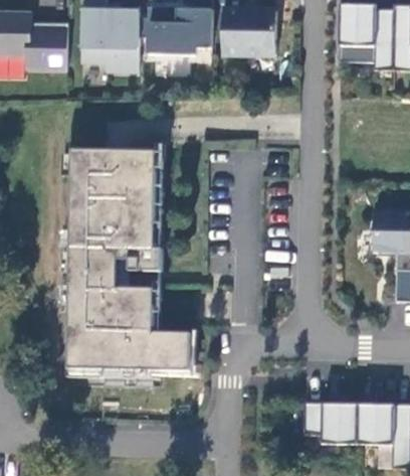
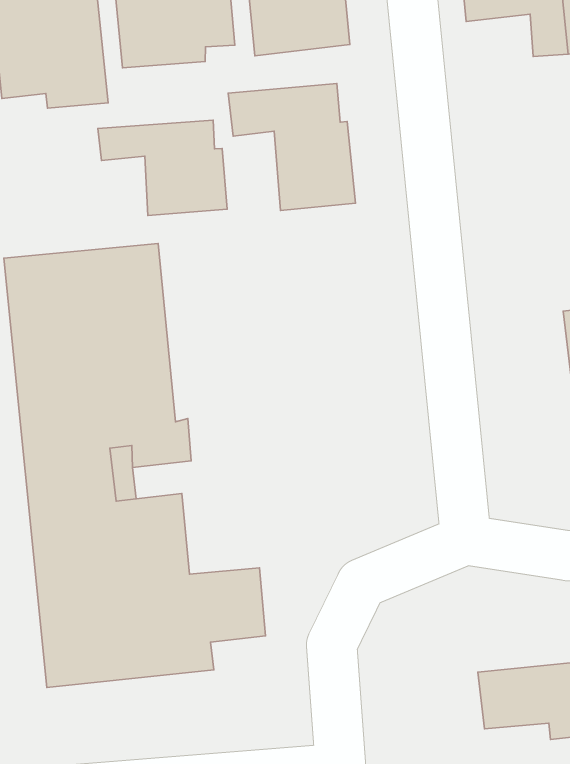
building: none -> [228,83,356,211]
building: none -> [98,120,227,216]

